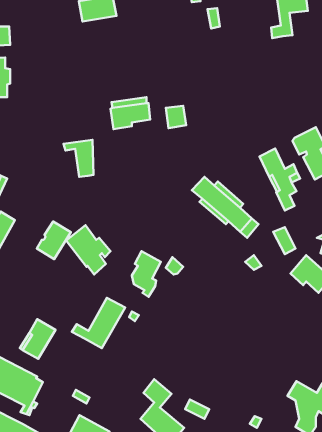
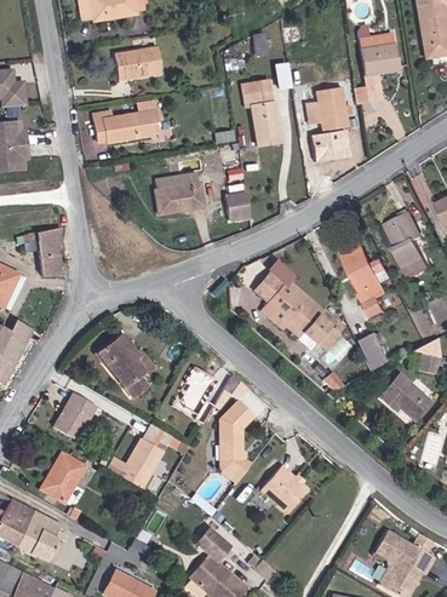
building: none -> [241,76,280,144]
building: none -> [305,87,354,163]
building: none -> [92,103,157,144]
building: [64,140,94,177] -> [22,230,59,276]
building: [37,221,71,259] -> [51,392,93,440]
building: none -> [217,398,252,481]
building: none -> [259,465,306,512]

